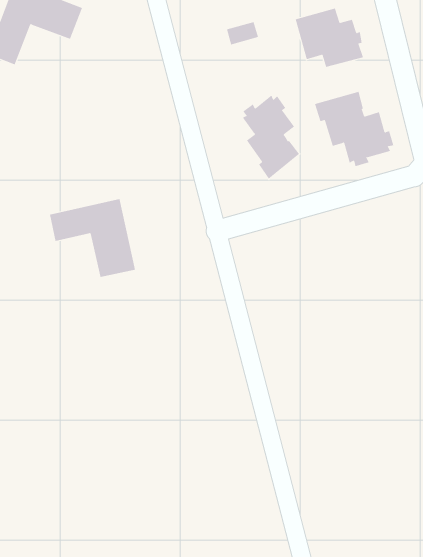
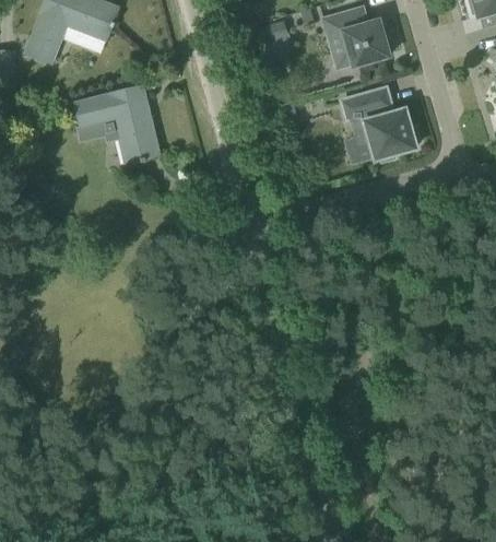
building: [242,95,300,180] -> none
building: [49,199,136,278] -> [73,86,157,163]

